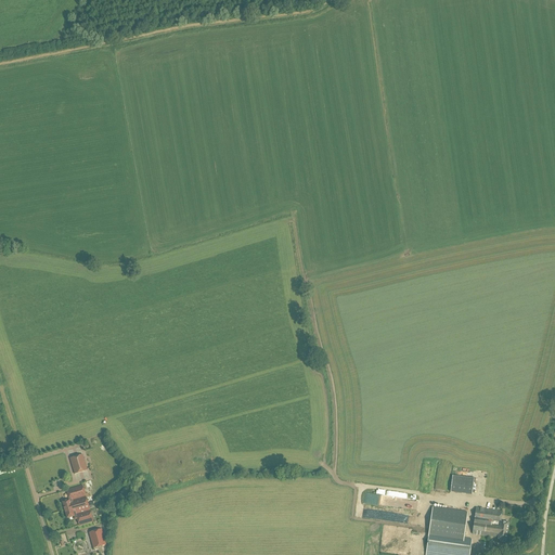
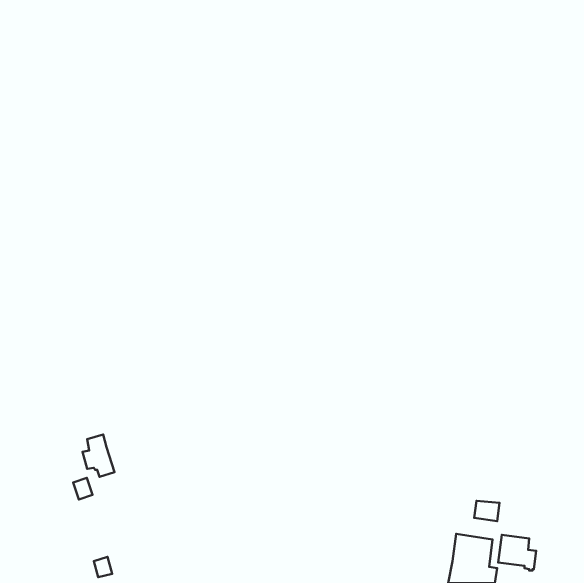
building: [63,485,93,525] -> [82,435,114,477]

